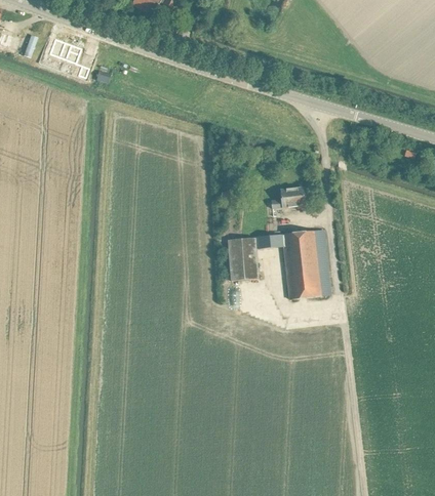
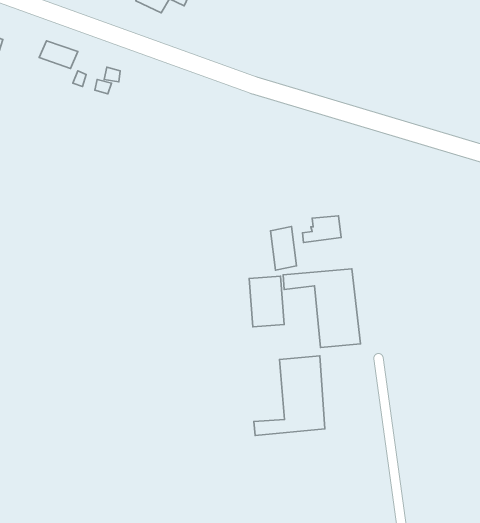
building: none -> [271,227,297,270]
building: none -> [254,356,325,435]

